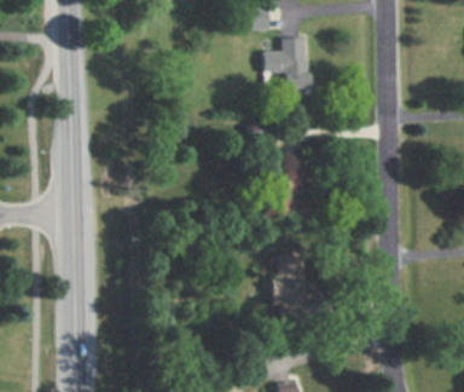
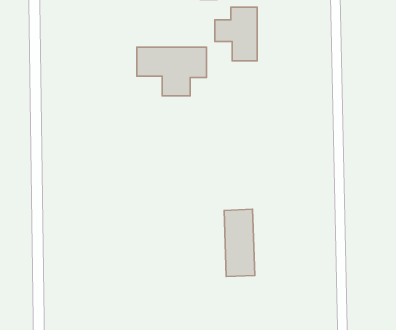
building: none -> [137,47,207,96]

